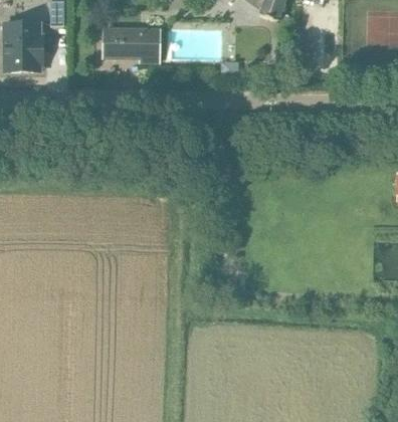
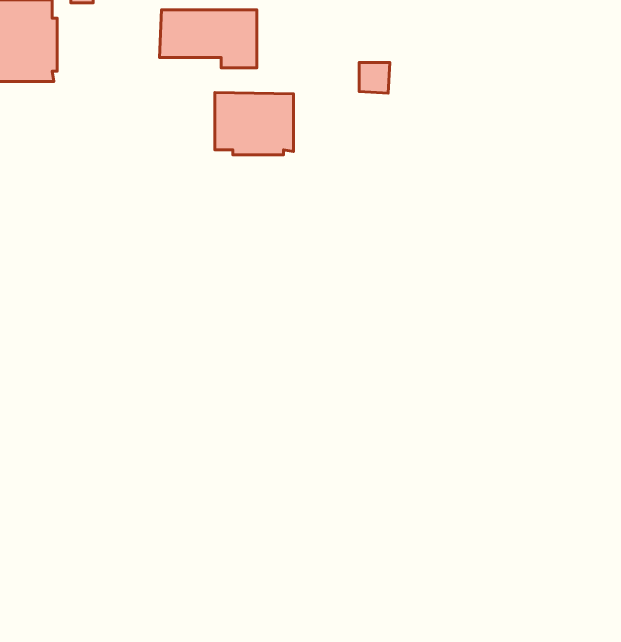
building: none -> [215,92,293,155]

